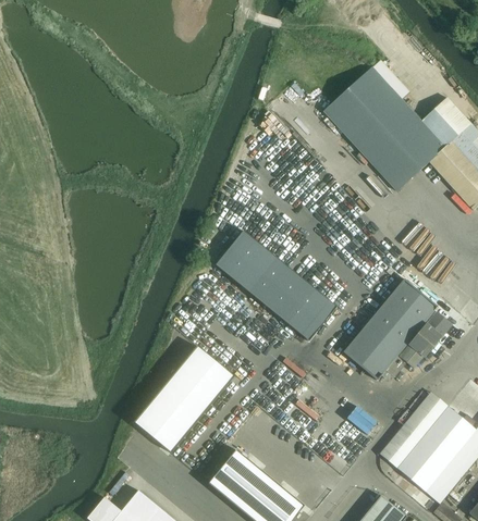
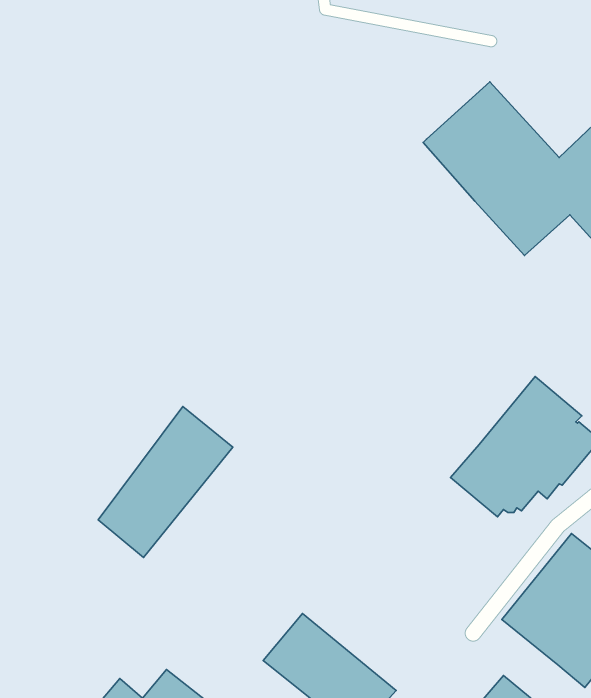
building: [217,231,338,340] -> none
building: [133,344,230,452] -> [98,406,233,557]

